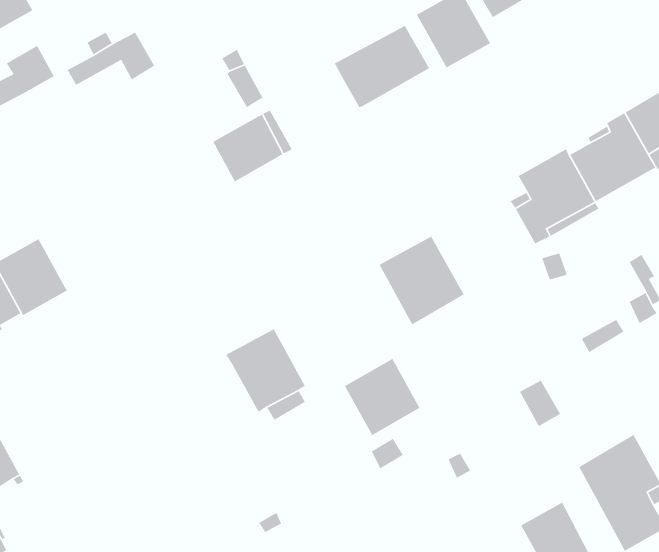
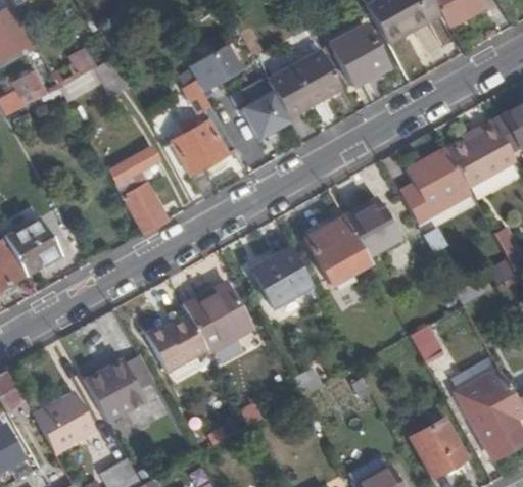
building: none -> [191,45,242,92]
building: none -> [243,91,293,140]
building: none -> [107,147,163,234]
building: none -> [342,196,397,256]
building: [344,358,421,436] -> [252,247,312,307]
building: none -> [146,314,208,373]
building: none -> [85,354,154,422]
building: none -> [33,391,95,452]

